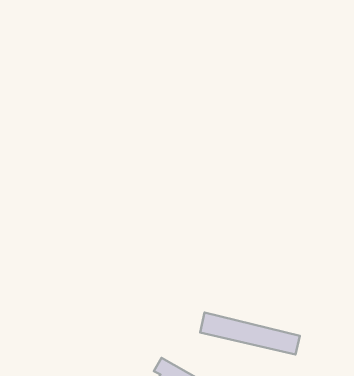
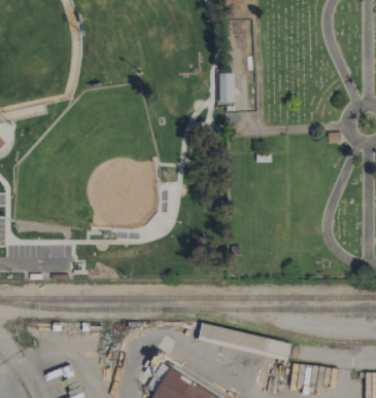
building: none -> [219,72,234,102]

